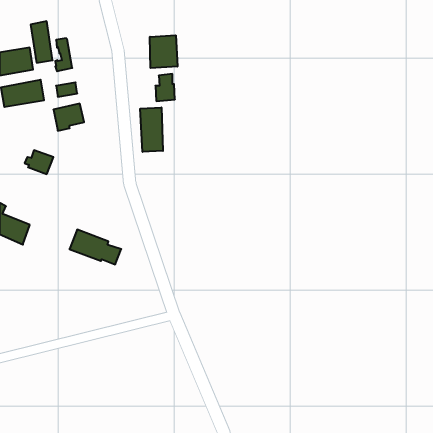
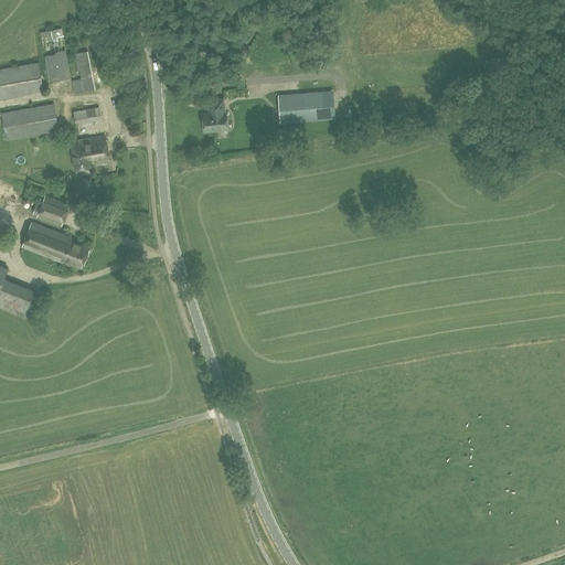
building: [150,35,177,68] -> none
building: none -> [277,89,323,122]
building: [140,107,163,152] -> none
building: [69,230,121,264] -> [21,222,88,267]

